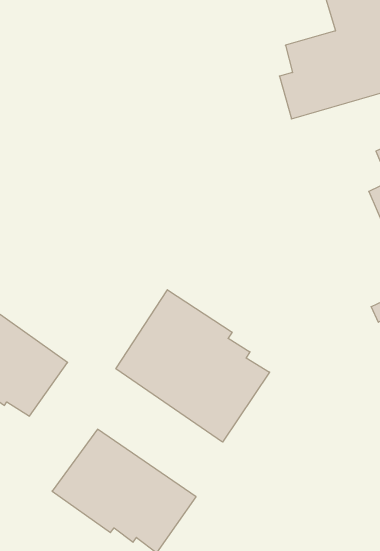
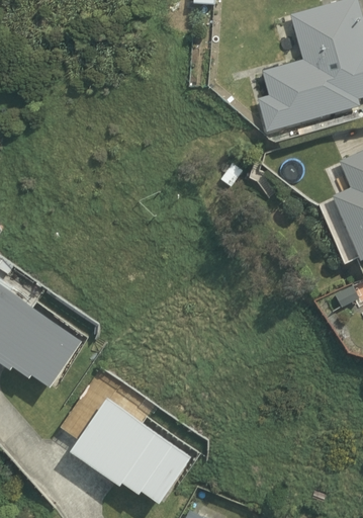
building: [116,290,270,442] -> none

